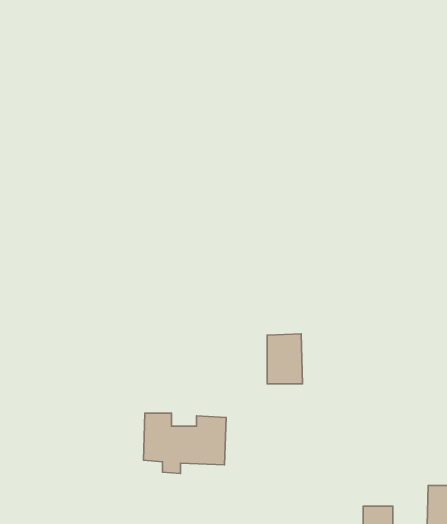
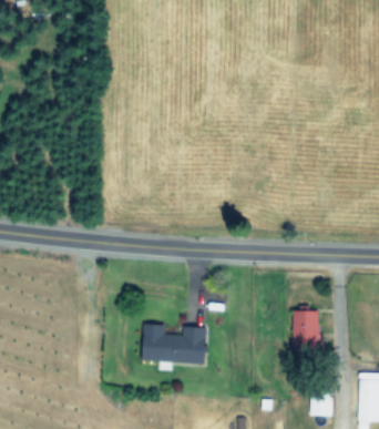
building: [267,334,303,384] -> [294,309,320,347]

